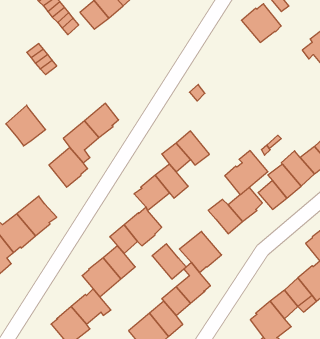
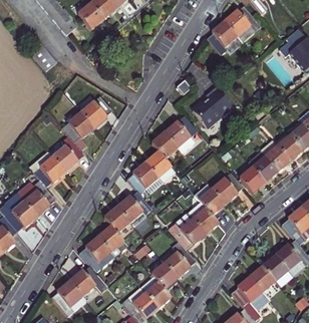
building: none -> [206,21,242,55]
building: [6,105,46,146] -> [29,150,65,188]
building: [225,151,268,195] -> [193,87,232,127]
building: [152,244,186,279] -> [188,202,219,234]

